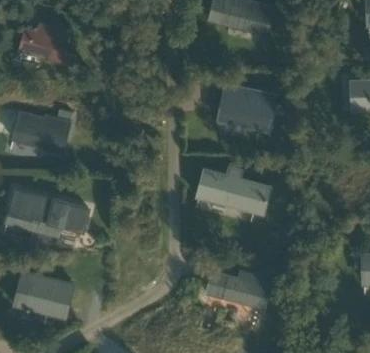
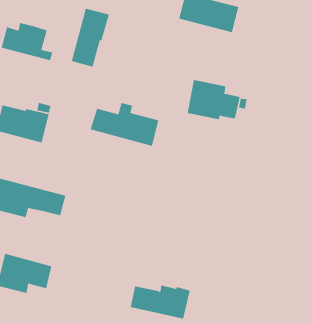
building: none -> [71,8,109,68]
building: [195,169,269,216] -> [90,103,159,146]
building: [205,272,270,309] -> [130,285,190,319]

